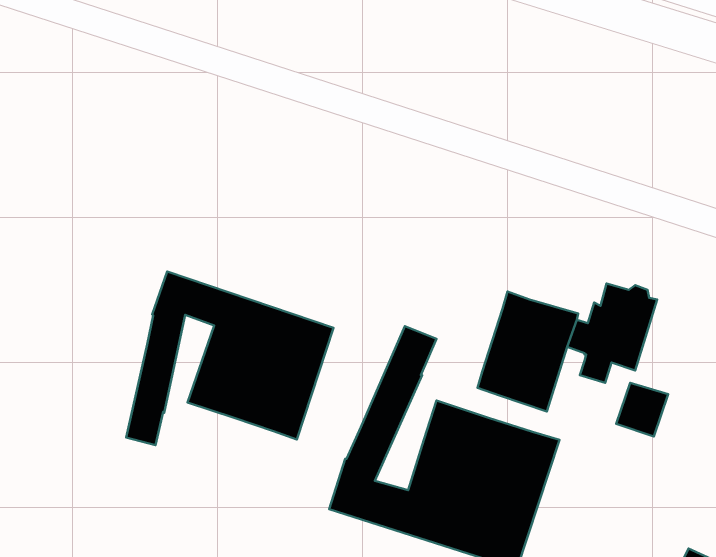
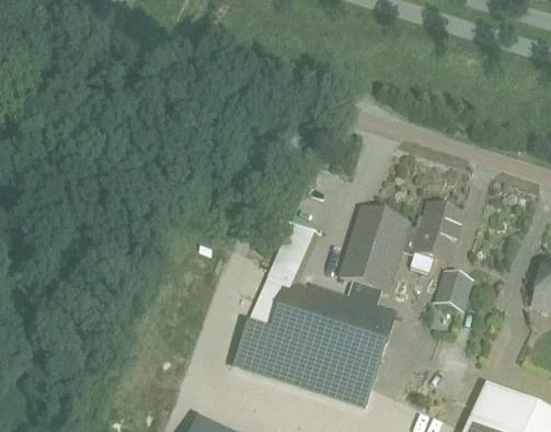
building: [126,271,334,445] -> none

